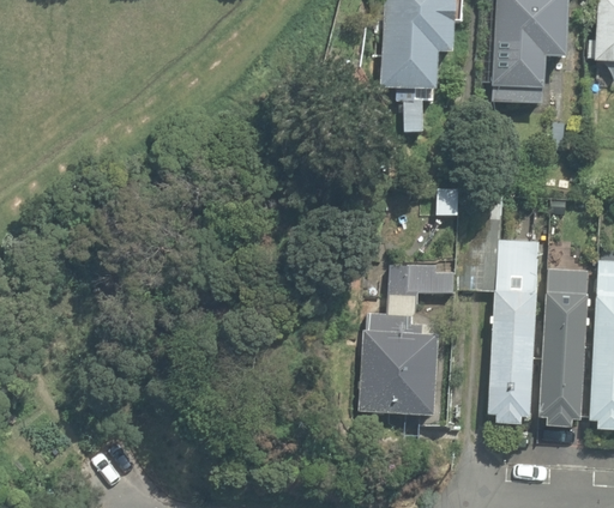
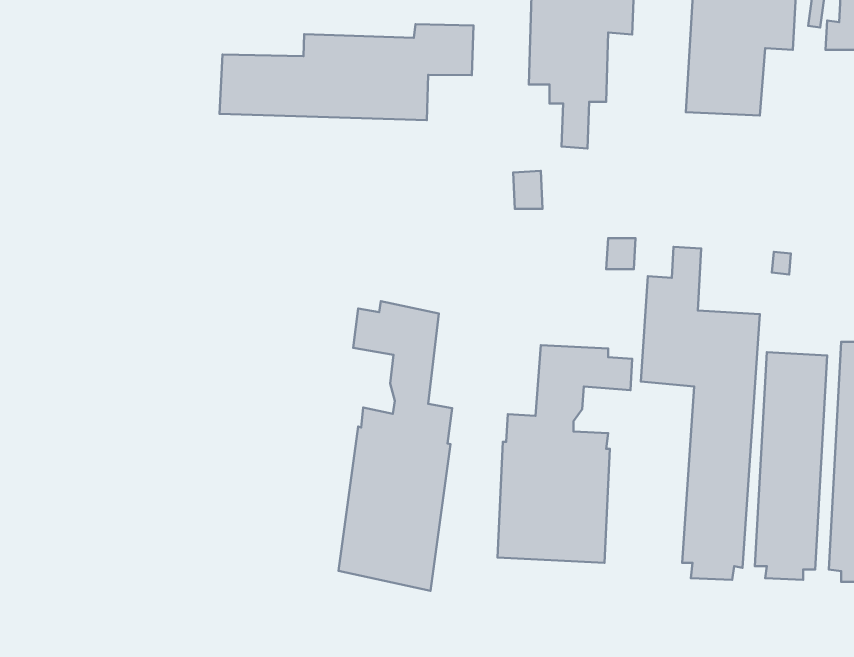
building: none -> [220,24,474,120]
building: none -> [338,301,452,591]

